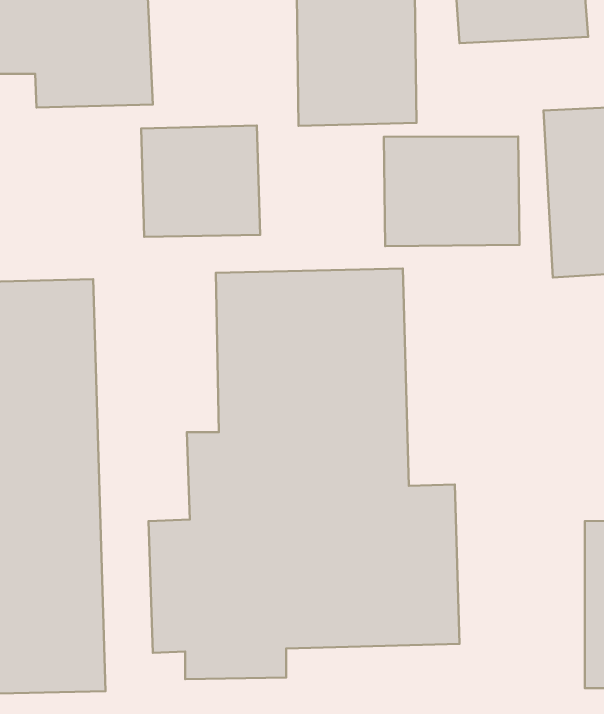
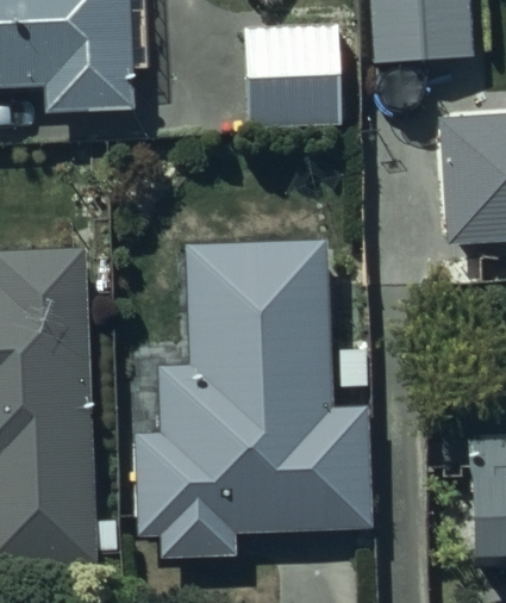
building: [141,125,260,237] -> none
building: [384,137,520,246] -> none

